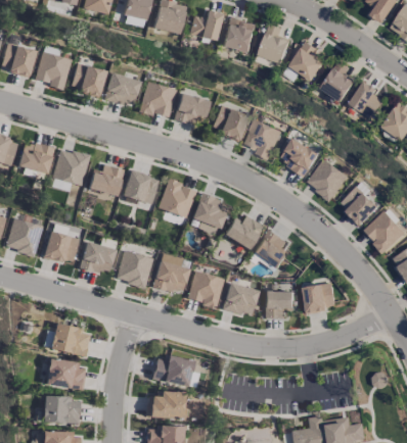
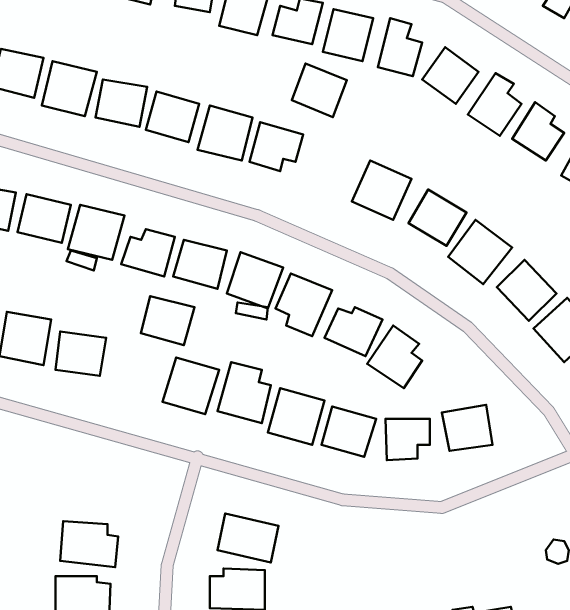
building: [212,105,248,141] -> [292,63,347,117]
building: [80,242,116,275] -> [141,296,194,345]
building: [51,325,90,356] -> none

